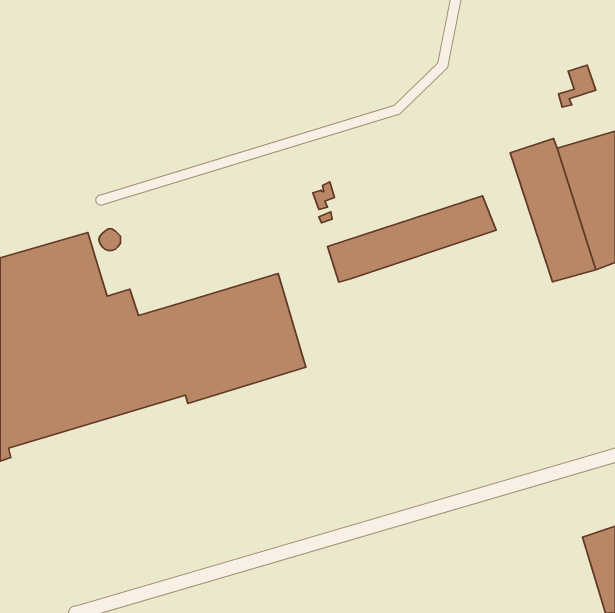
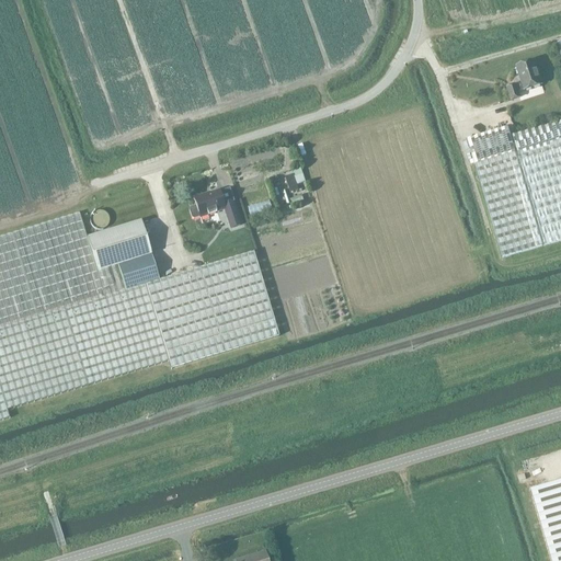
building: [327,196,496,282] -> none
building: none -> [188,190,237,218]
building: none -> [88,220,159,287]

